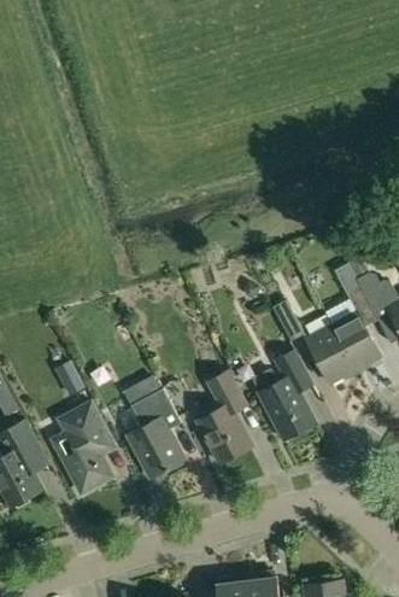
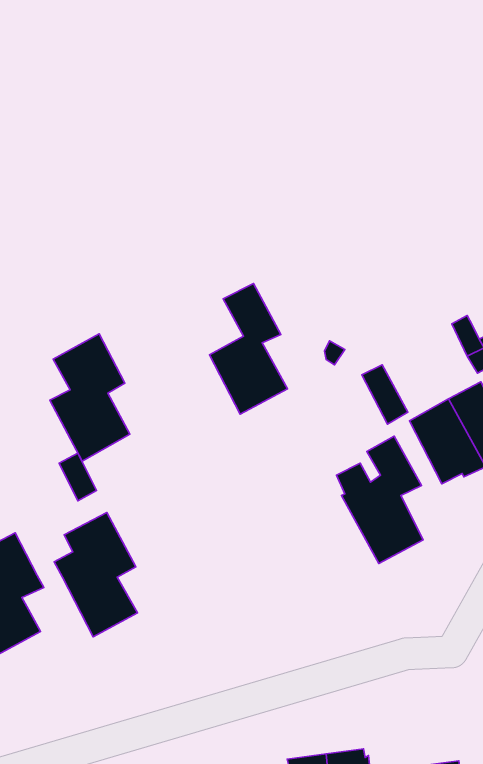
building: [198,370,253,463] -> [209,283,288,414]
building: [128,388,184,479] -> [50,334,130,461]

